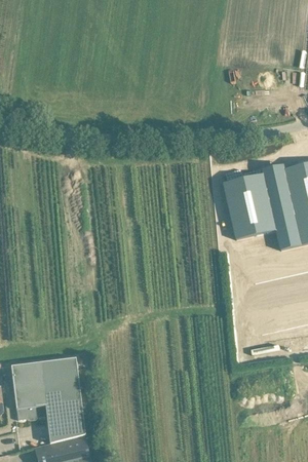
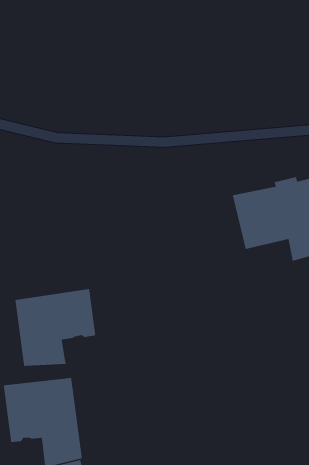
building: none -> [15,288,96,367]

